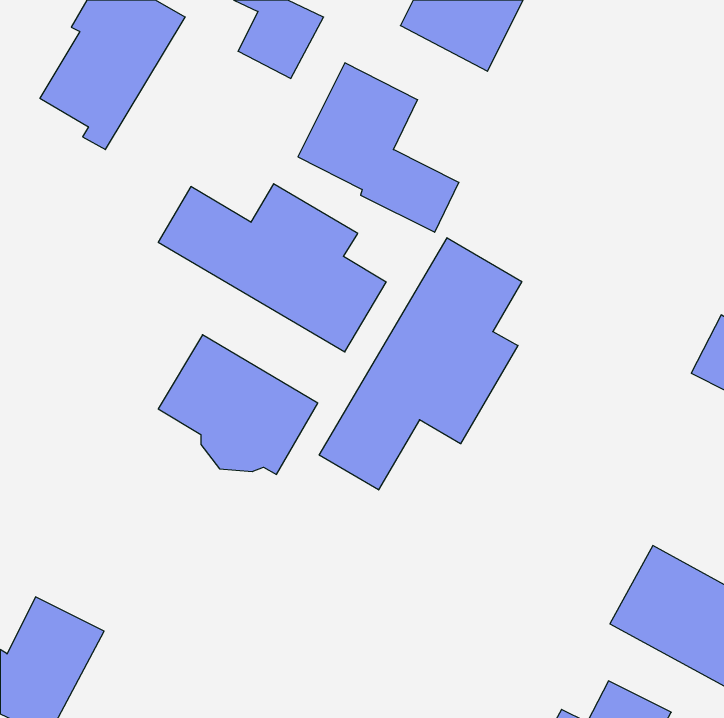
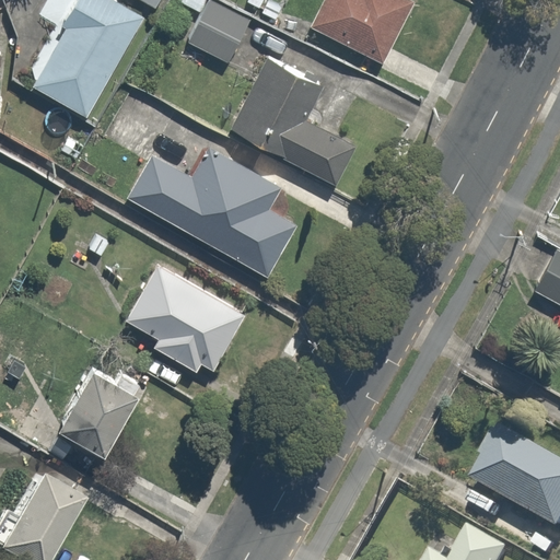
building: [319,238,522,490] -> none
building: none -> [60,363,141,450]

